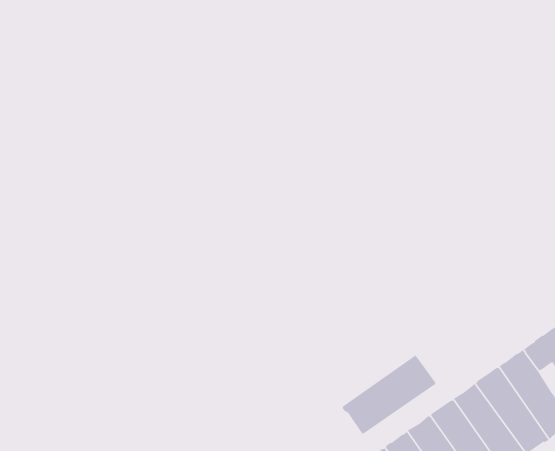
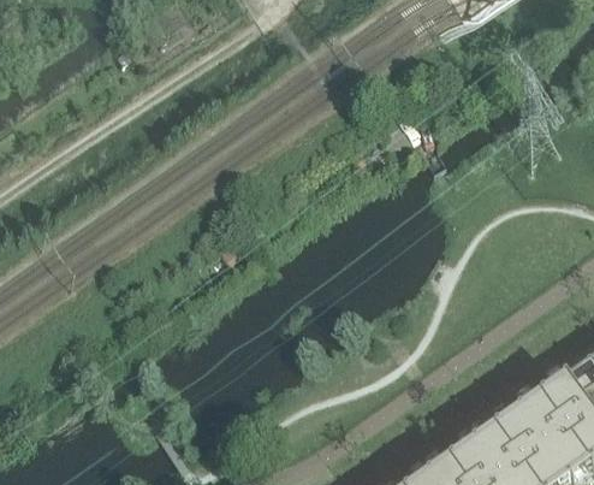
building: [342,355,436,435] -> none

